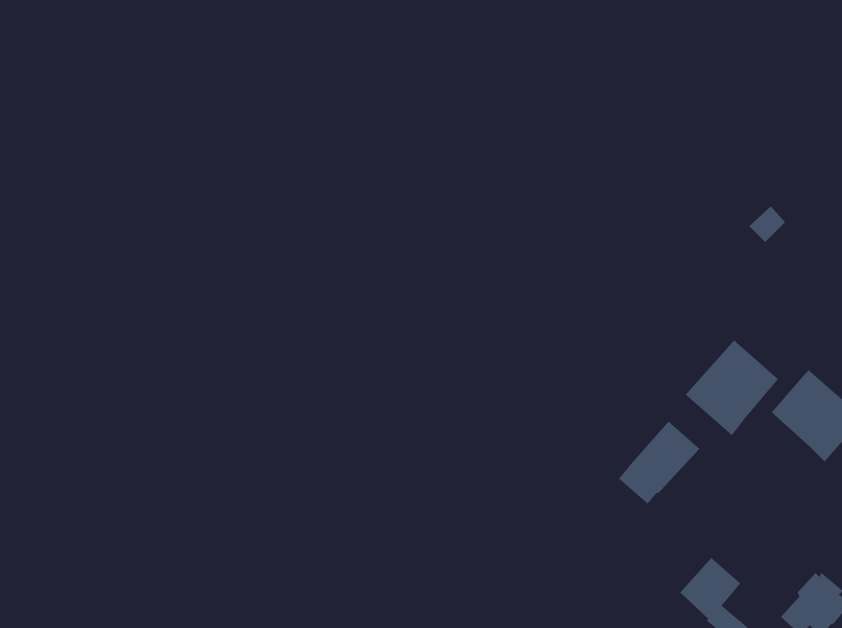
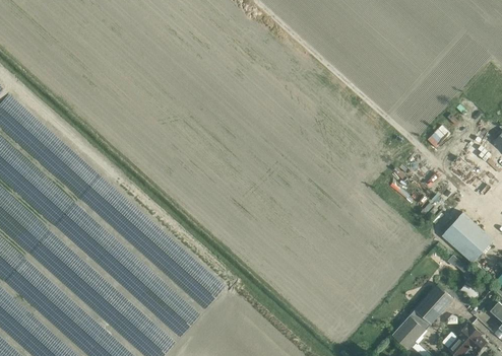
building: [685,339,779,436] -> none
building: [618,421,700,505] -> [410,284,454,330]

